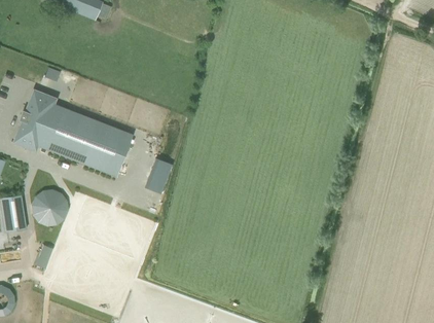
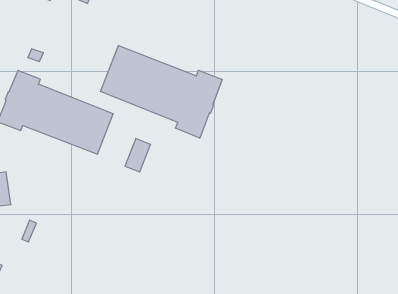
building: none -> [100,46,222,138]
building: [32,188,69,225] -> none

